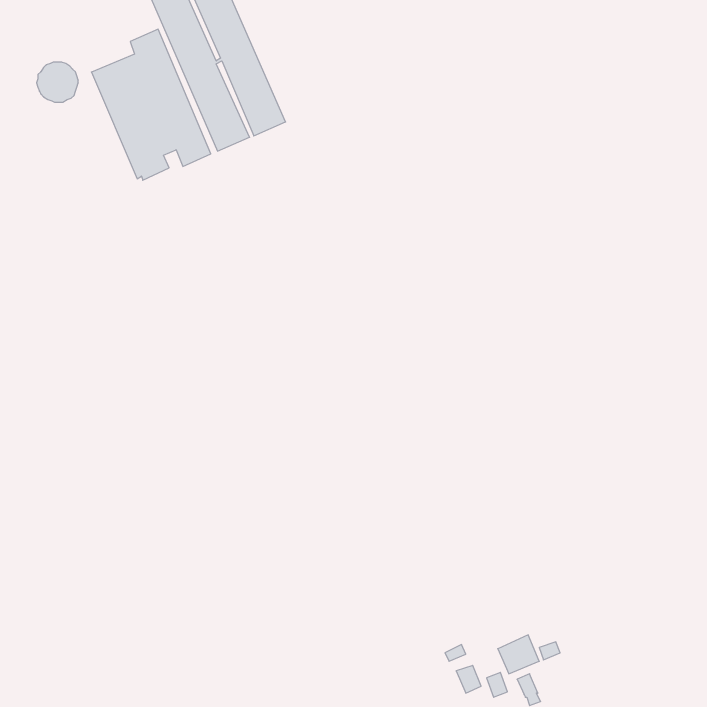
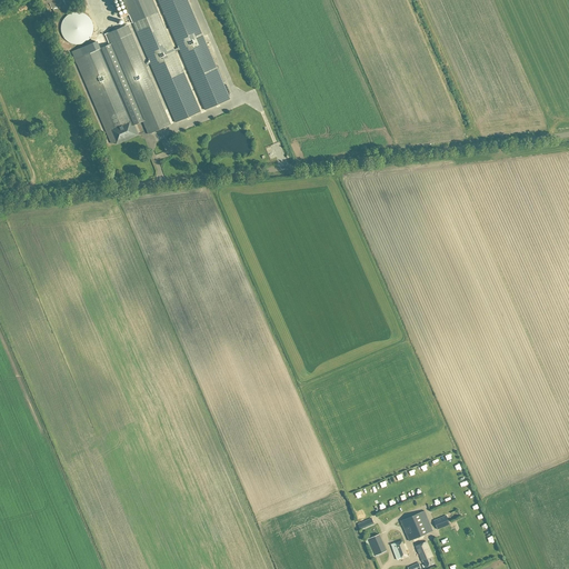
building: [37,62,78,102] -> [59,11,92,43]

